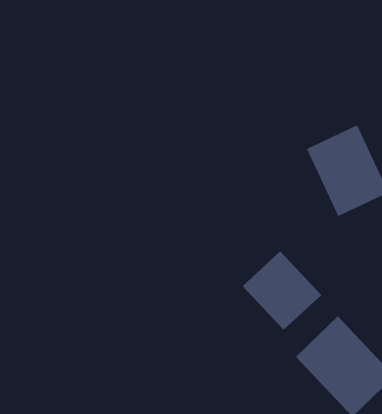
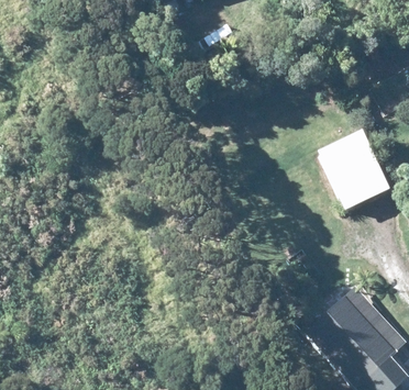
building: [242,251,322,331] -> none

